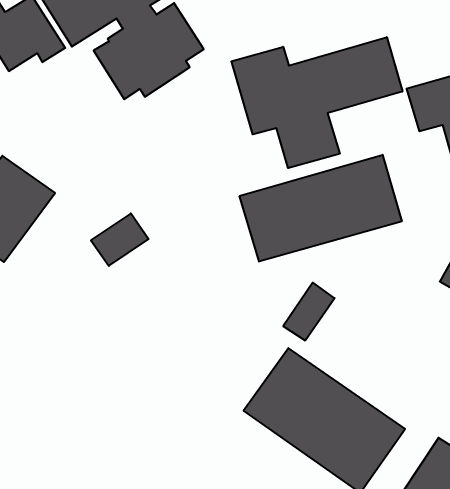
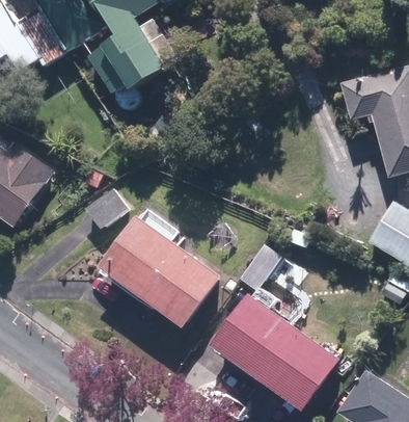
building: [231,37,402,168] -> none
building: [240,155,402,262] -> none
building: none -> [96,214,220,329]

